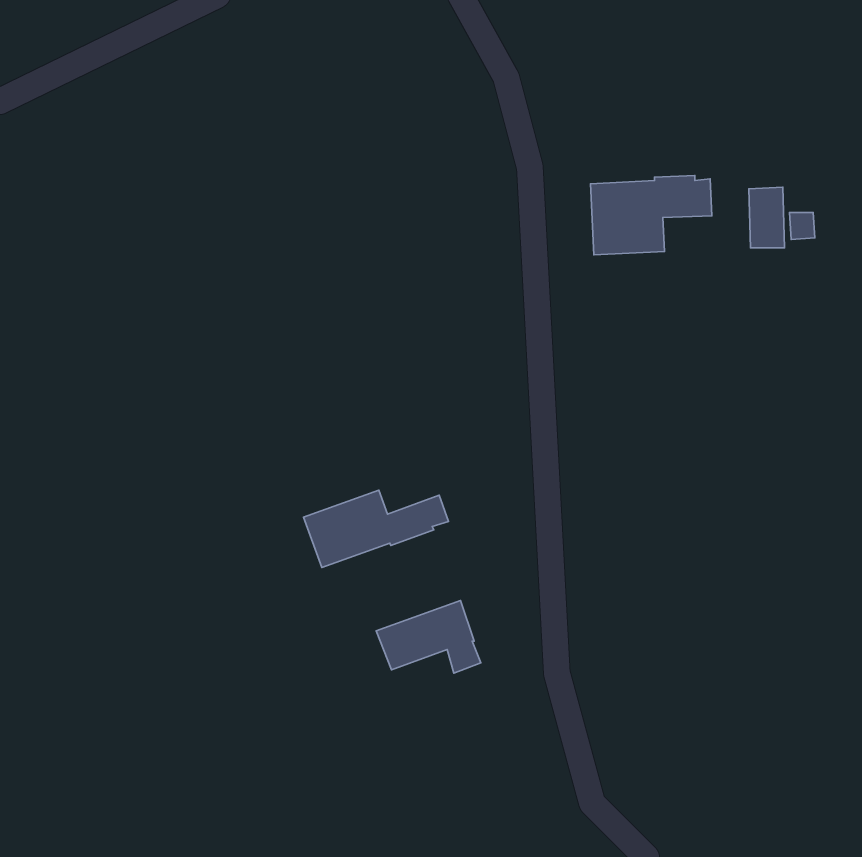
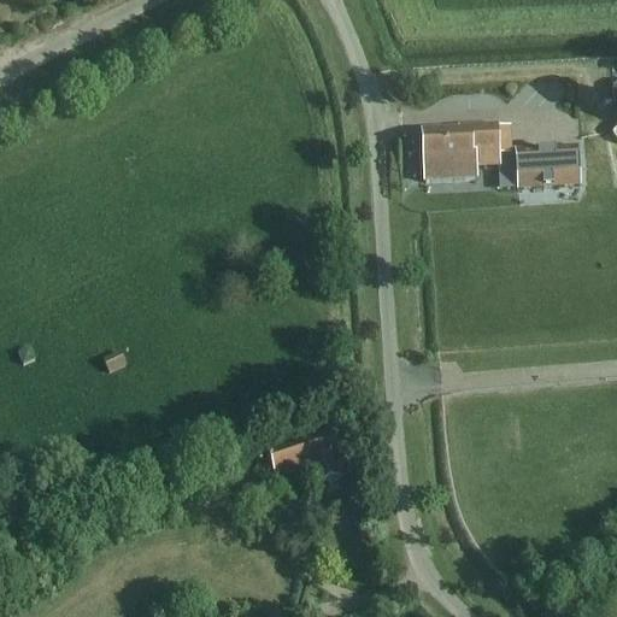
building: none -> [513,149,536,189]
building: [304,490,449,568] -> none

